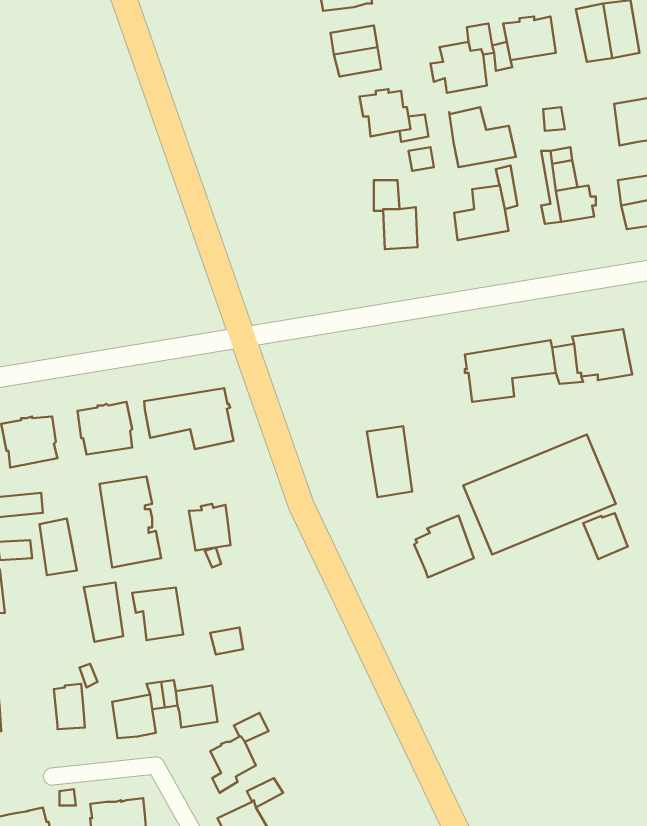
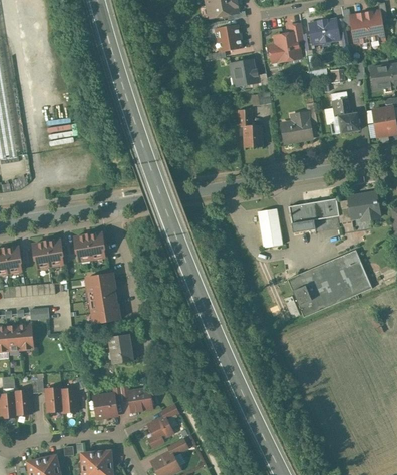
building: [449,107,516,167] -> none
building: [144,388,233,449] -> none
building: [367,426,412,497] -> [257,207,282,247]
building: [189,504,231,550] -> none
building: [583,513,628,559] -> none
building: [414,516,474,577] -> none
building: [39,519,77,575] -> none
building: [84,582,123,642] -> none
building: none -> [45,387,63,411]

